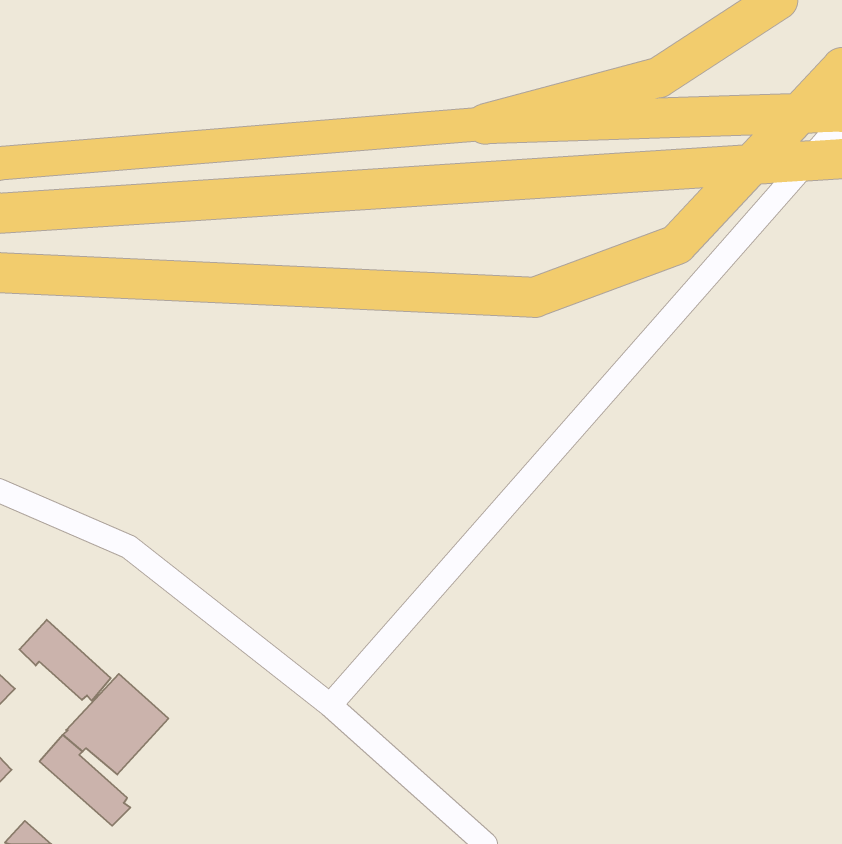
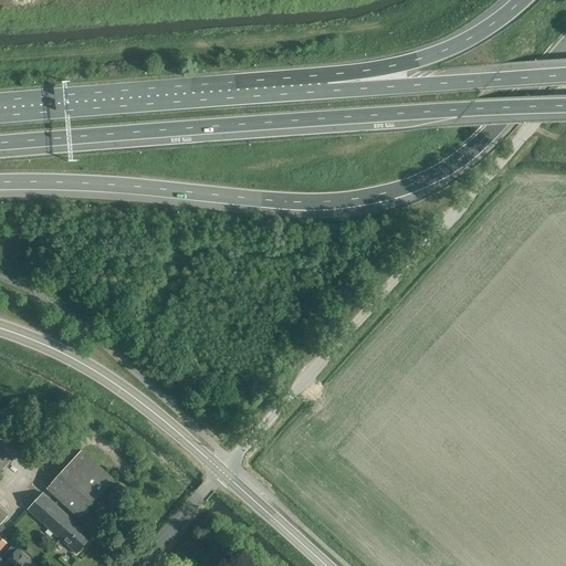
building: [19,620,111,701] -> none

